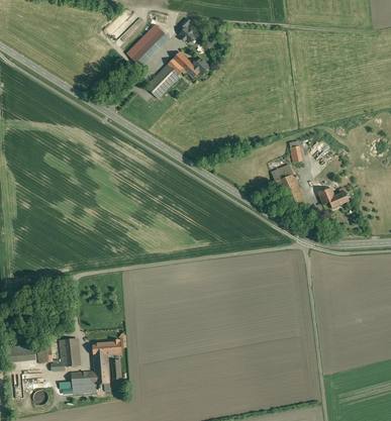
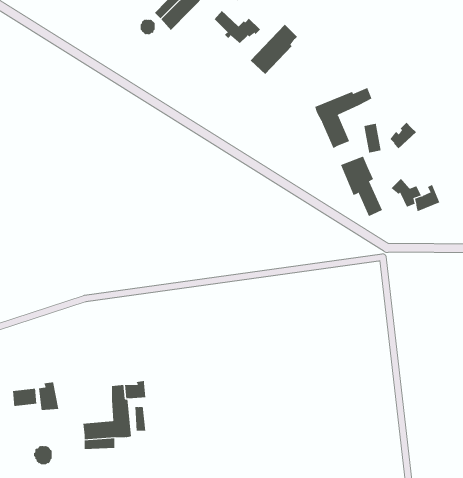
building: [146,59,184,98] -> [250,24,298,75]
building: none -> [315,87,372,149]
building: [60,338,78,366] -> none

